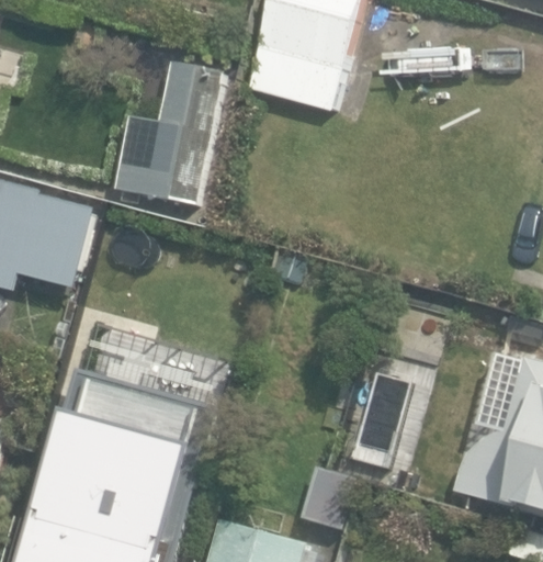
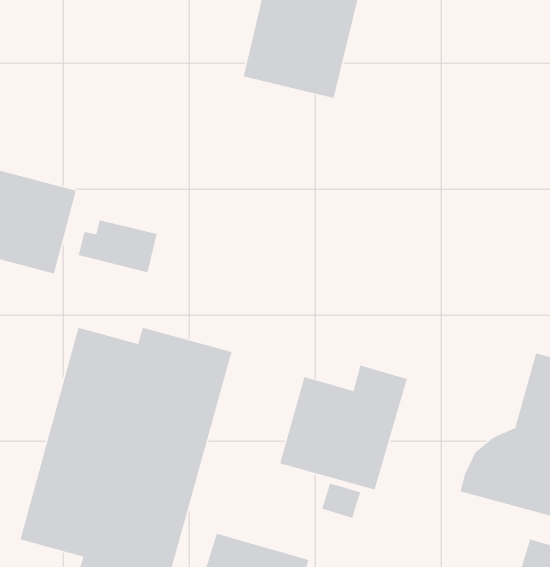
building: [117,69,223,220] -> none

